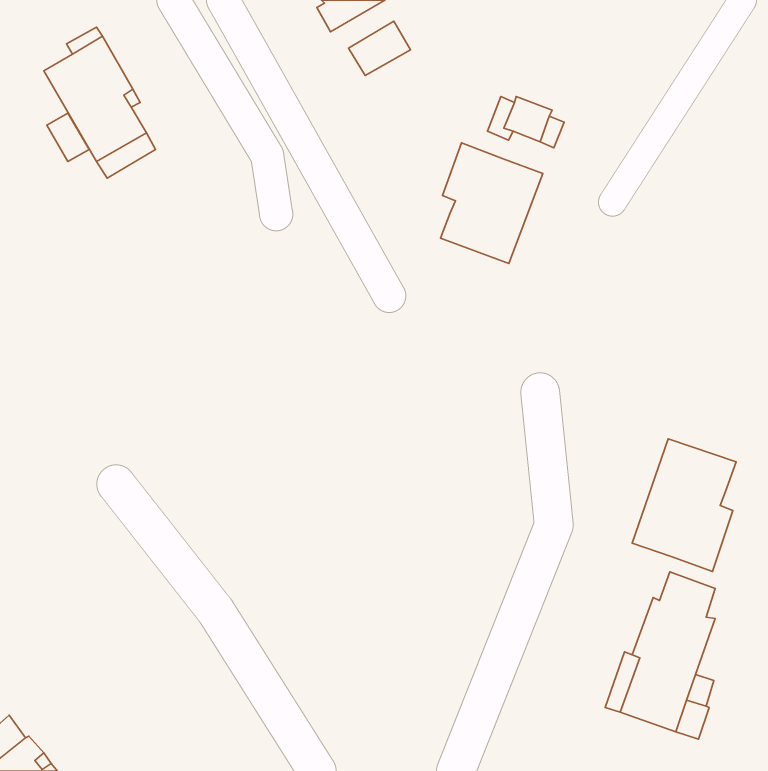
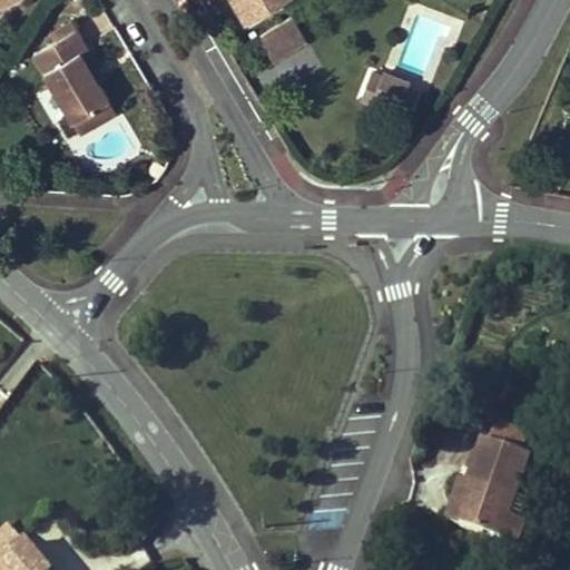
building: [441,143,543,264] -> none
building: [632,439,736,571] -> none

